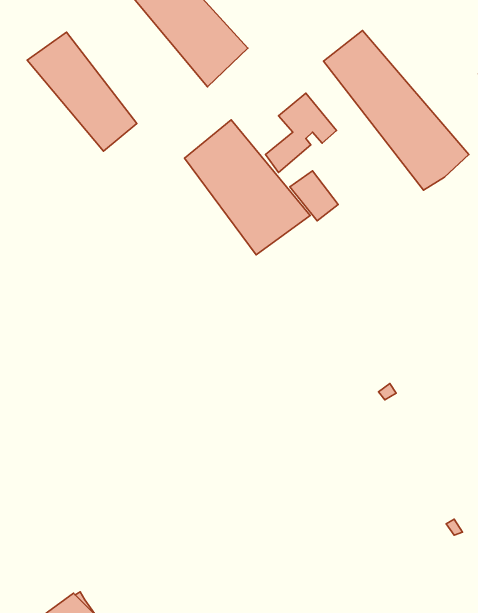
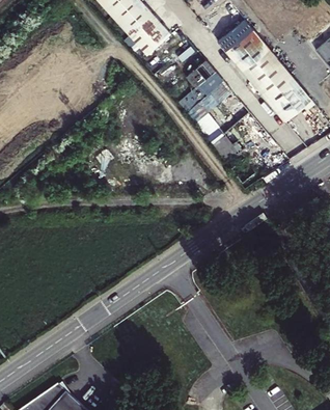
building: [27,32,137,151] -> none
building: [184,120,310,255] -> none

